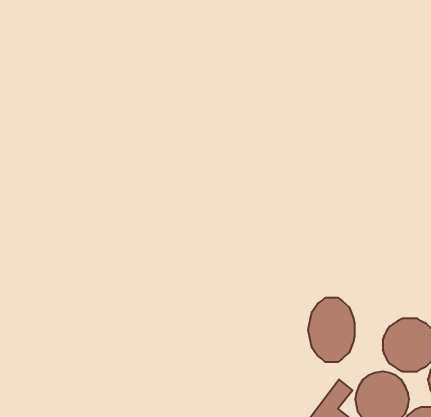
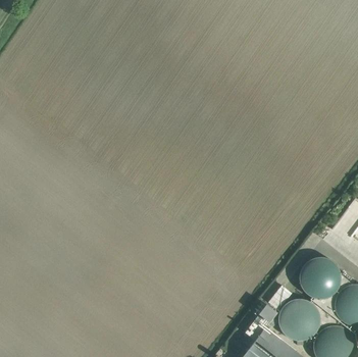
building: [308,298,355,362] -> none

